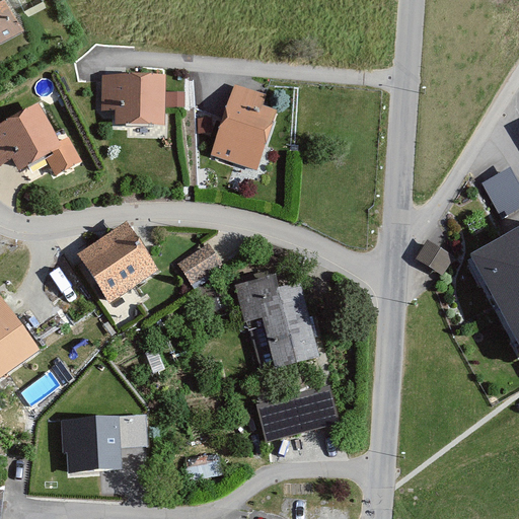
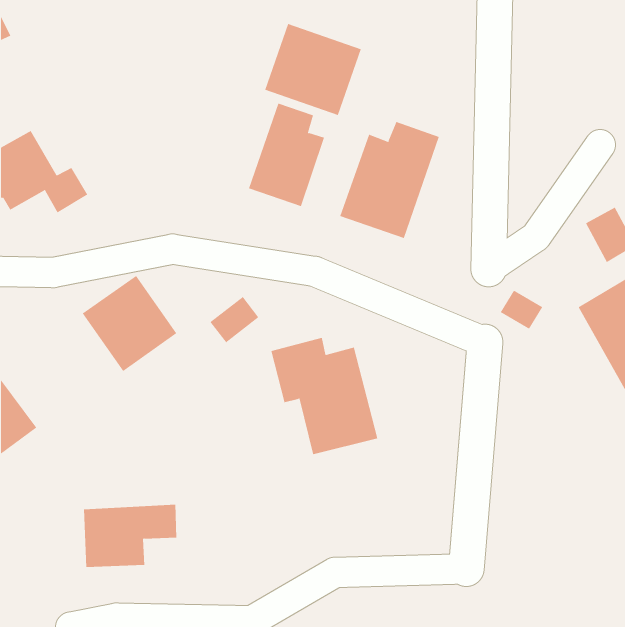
building: none -> [265,23,361,116]
building: [101,75,160,127] -> none
building: none -> [339,121,440,239]
building: [256,387,337,440] -> none

